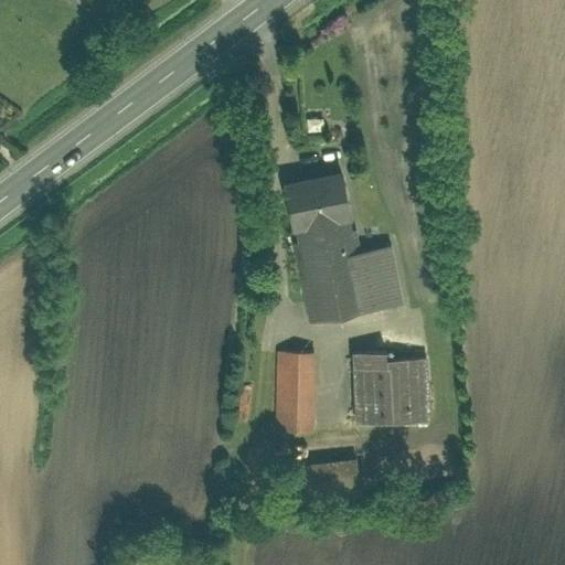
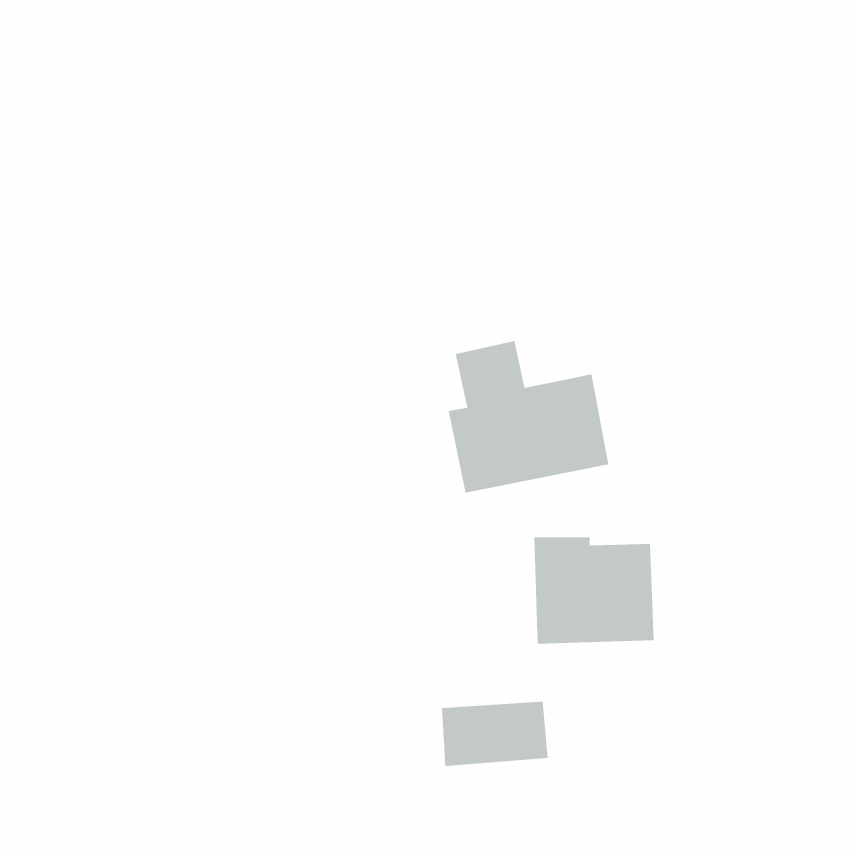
building: [281,172,351,234] -> none
building: [276,353,316,435] -> none

